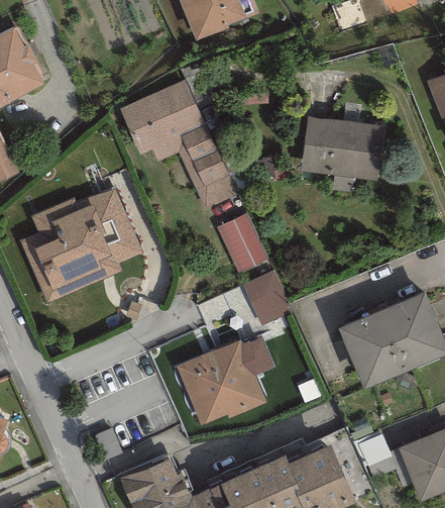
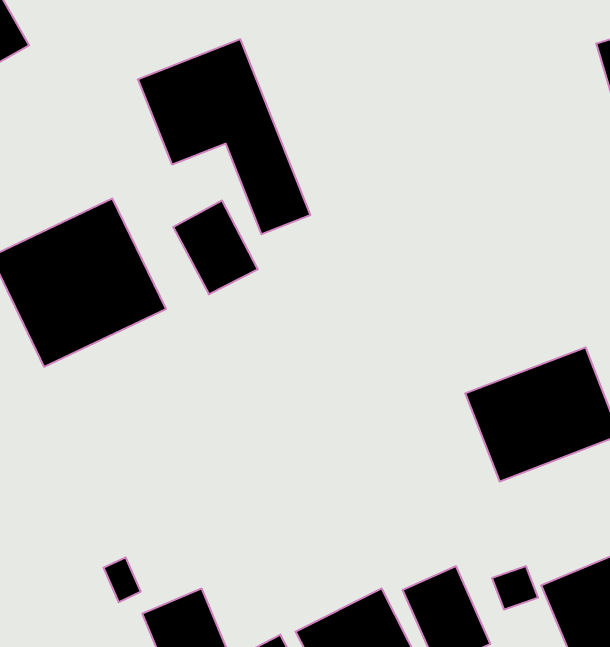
building: [308,113,384,189] -> none
building: [216,216,273,280] -> [173,201,258,294]
building: [243,282,290,335] -> none
building: [173,335,270,426] -> none

